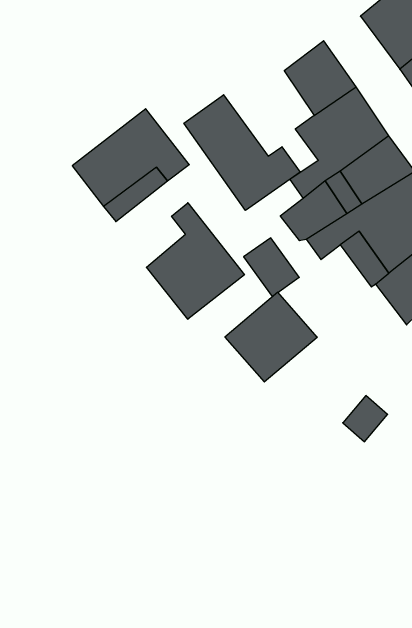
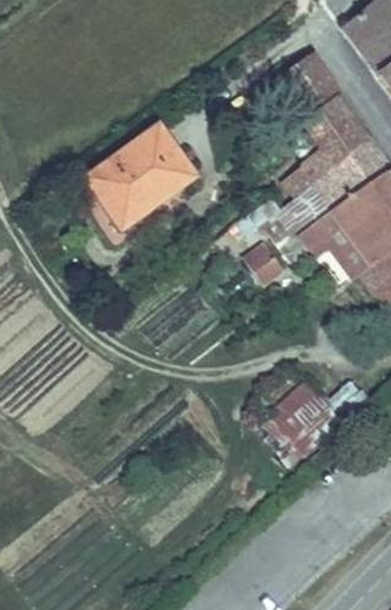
building: [184,95,300,210] -> none
building: [146,203,244,319] -> none
building: [225,292,317,382] -> [260,382,342,462]

